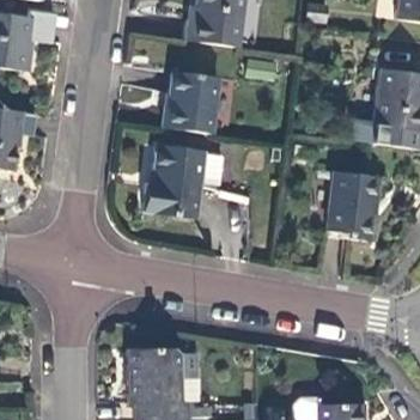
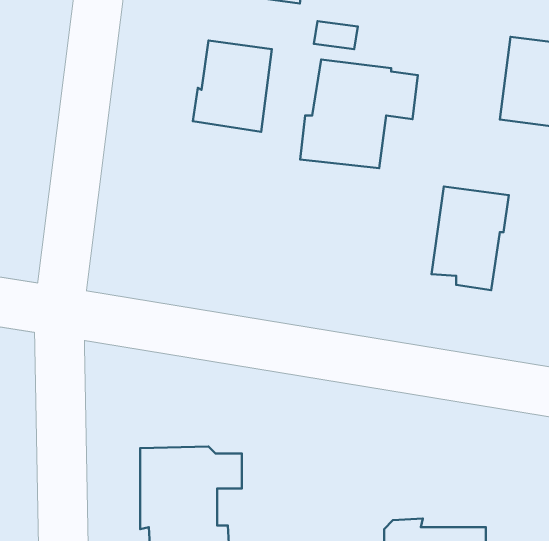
building: [142,144,223,218] -> [300,59,418,168]

